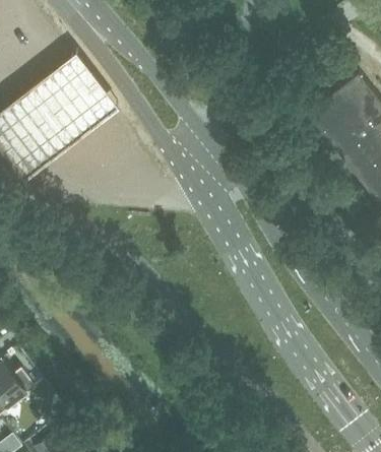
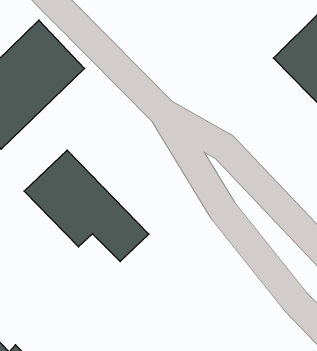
building: none -> [24,150,149,262]

